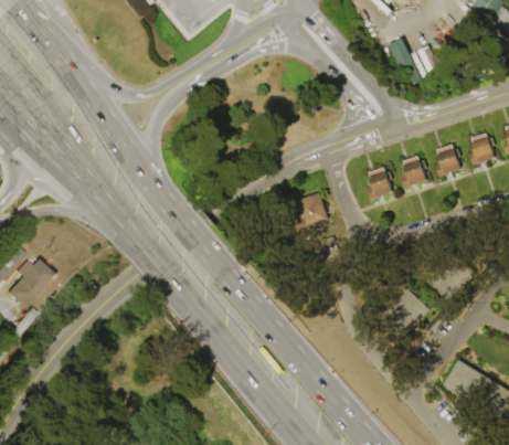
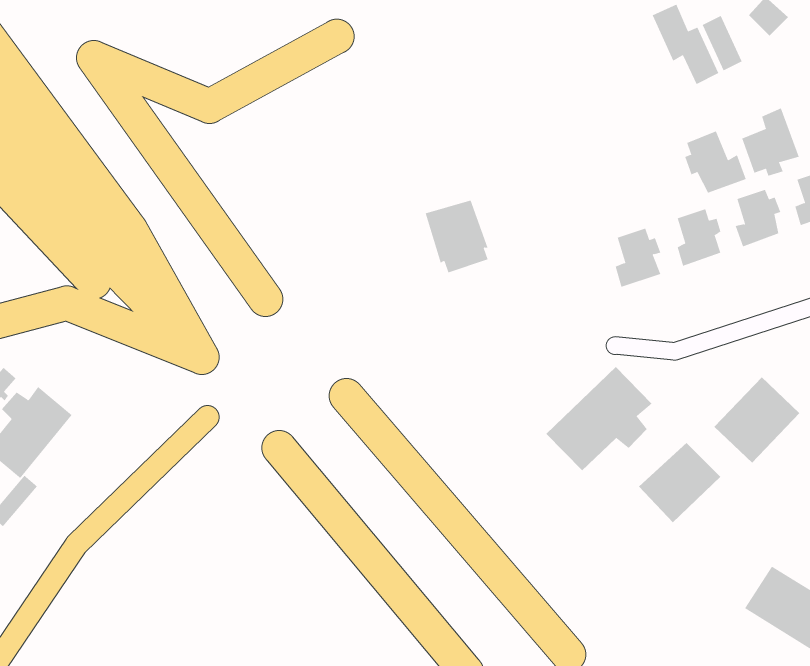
building: none -> [741,107,799,177]
building: none -> [685,131,746,193]
building: [293,192,329,234] -> [425,200,488,273]
building: none -> [546,366,652,471]

